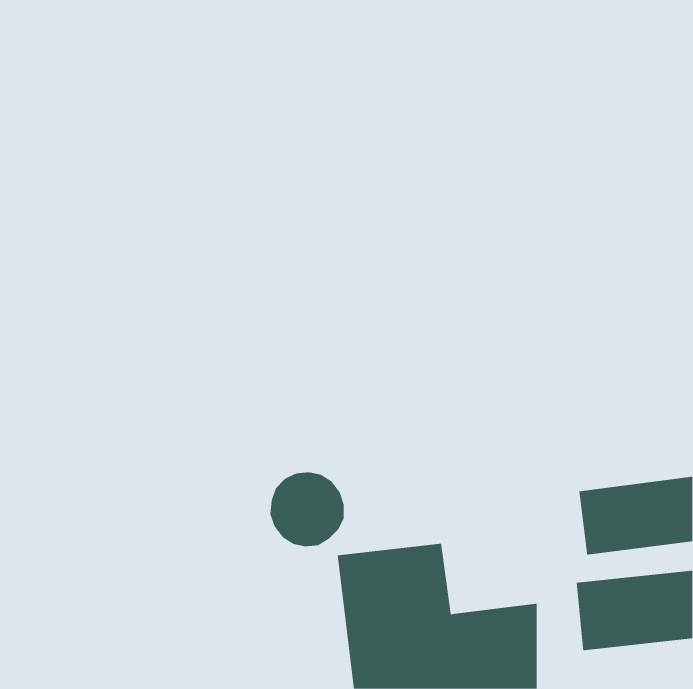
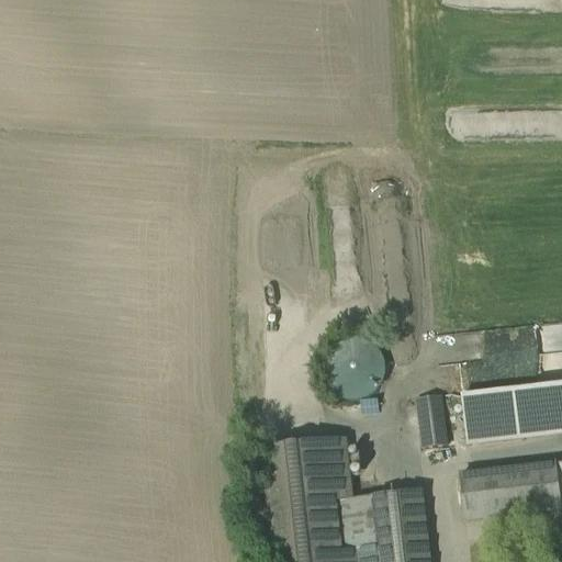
building: [270,472,345,547] -> [325,337,385,397]
building: none -> [415,394,447,449]

